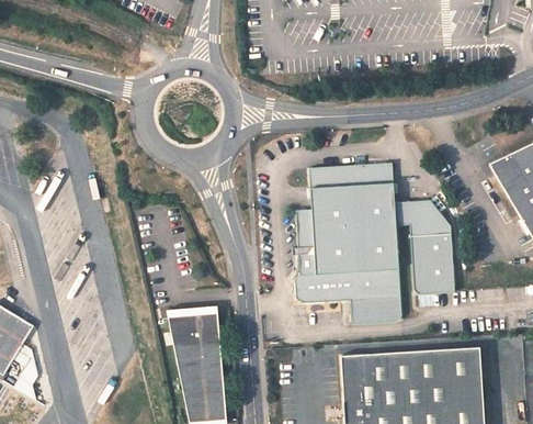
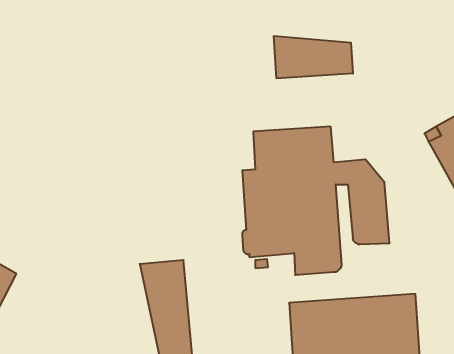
building: none -> [274,36,353,78]

